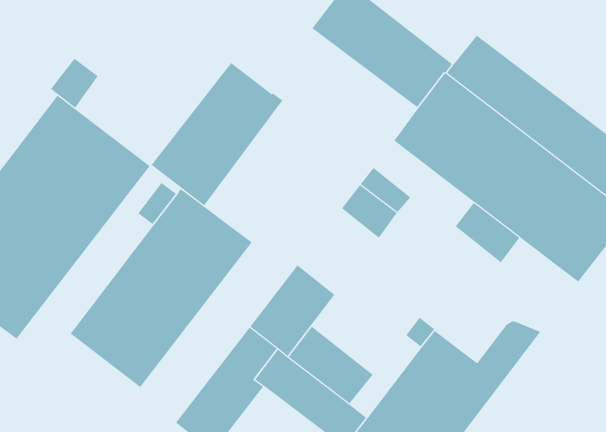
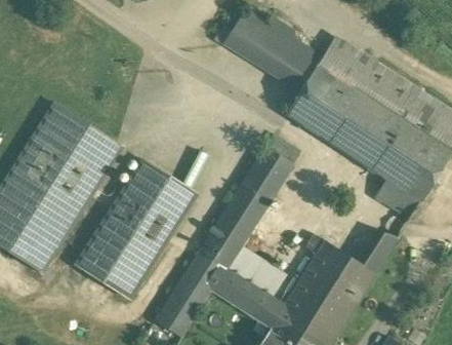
building: [50,58,99,109] -> none
building: [151,62,283,206] -> none
building: [455,202,520,263] -> [375,180,420,220]
building: none -> [228,164,282,224]

